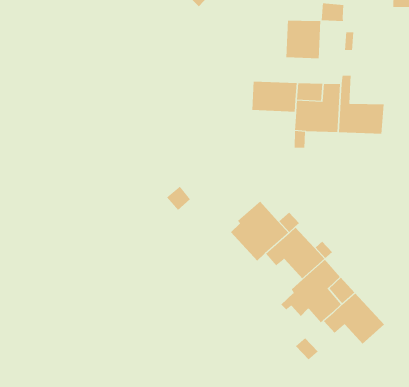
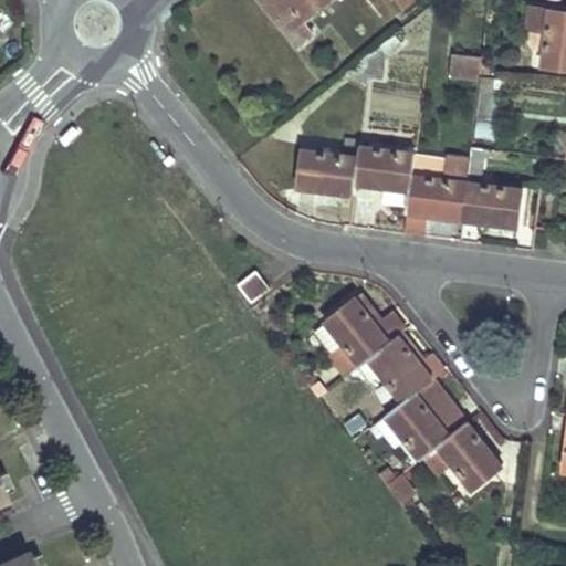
building: [286,20,321,59] -> none
building: none -> [297,138,359,193]

